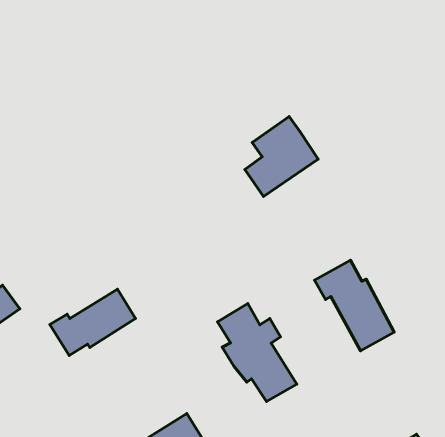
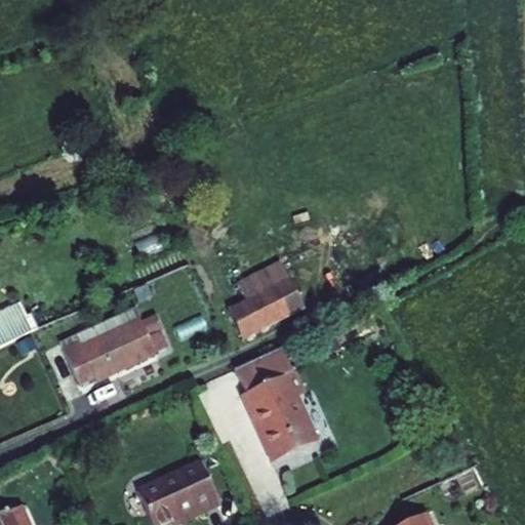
building: [245,116,318,197] -> [225,262,301,341]
building: [314,260,394,351] -> none

